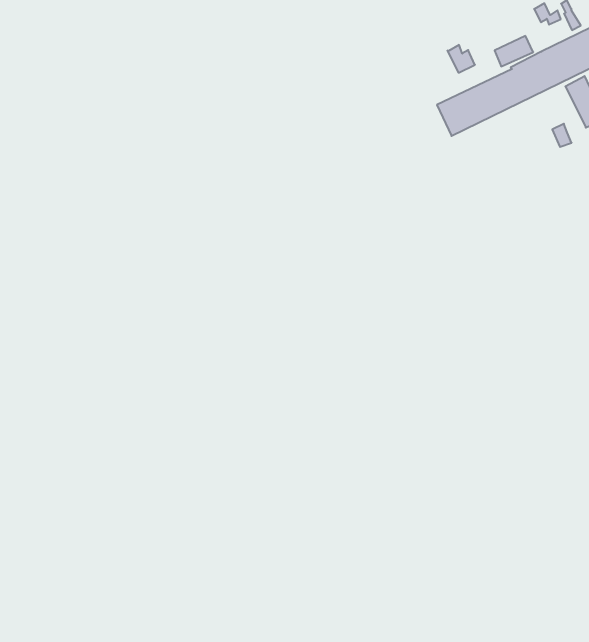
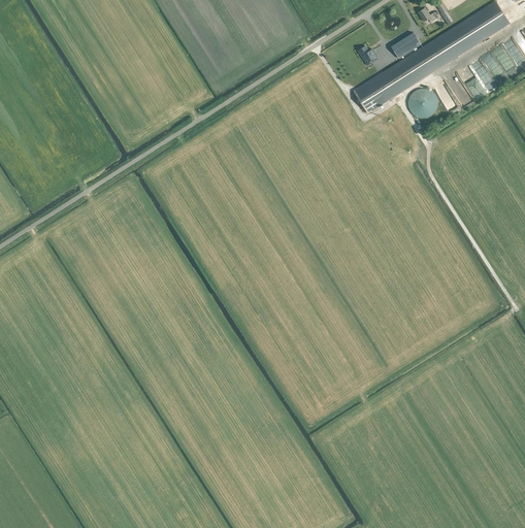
building: none -> [408,88,437,118]

